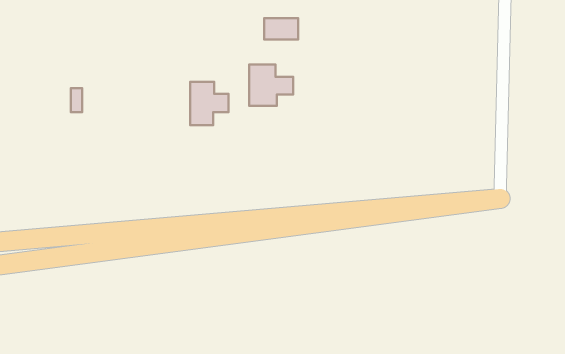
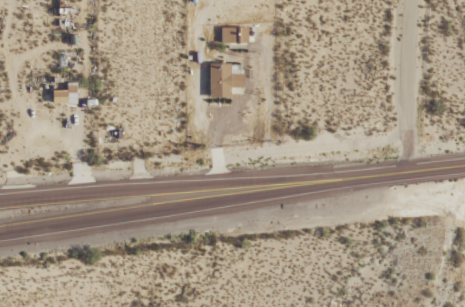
building: [190,82,229,125] -> none

